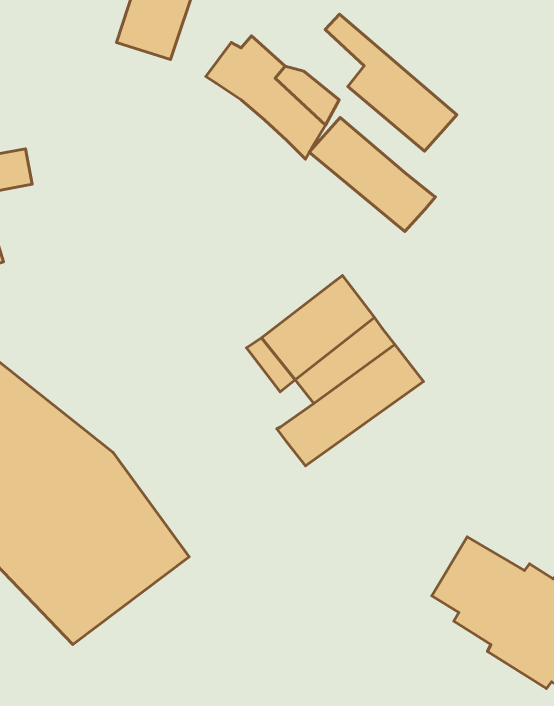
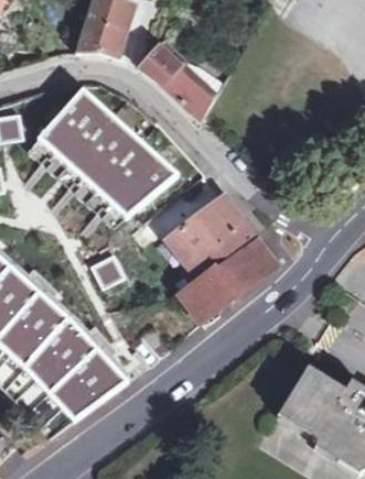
building: [325,14,457,151] -> none
building: none -> [37,89,175,215]
building: [309,117,436,231] -> none

